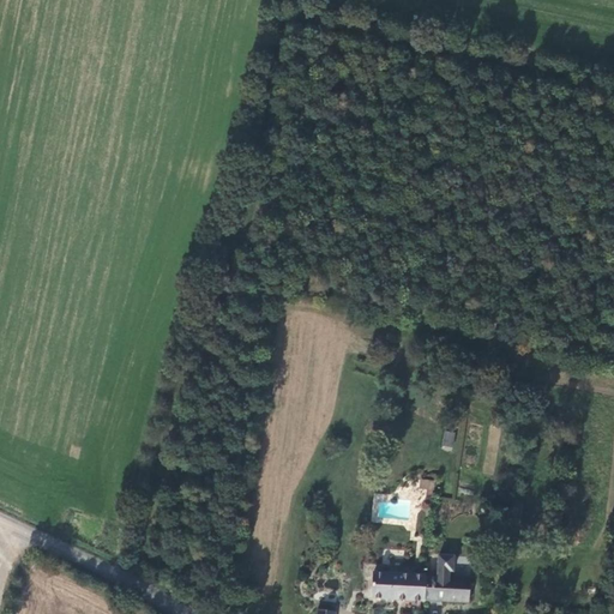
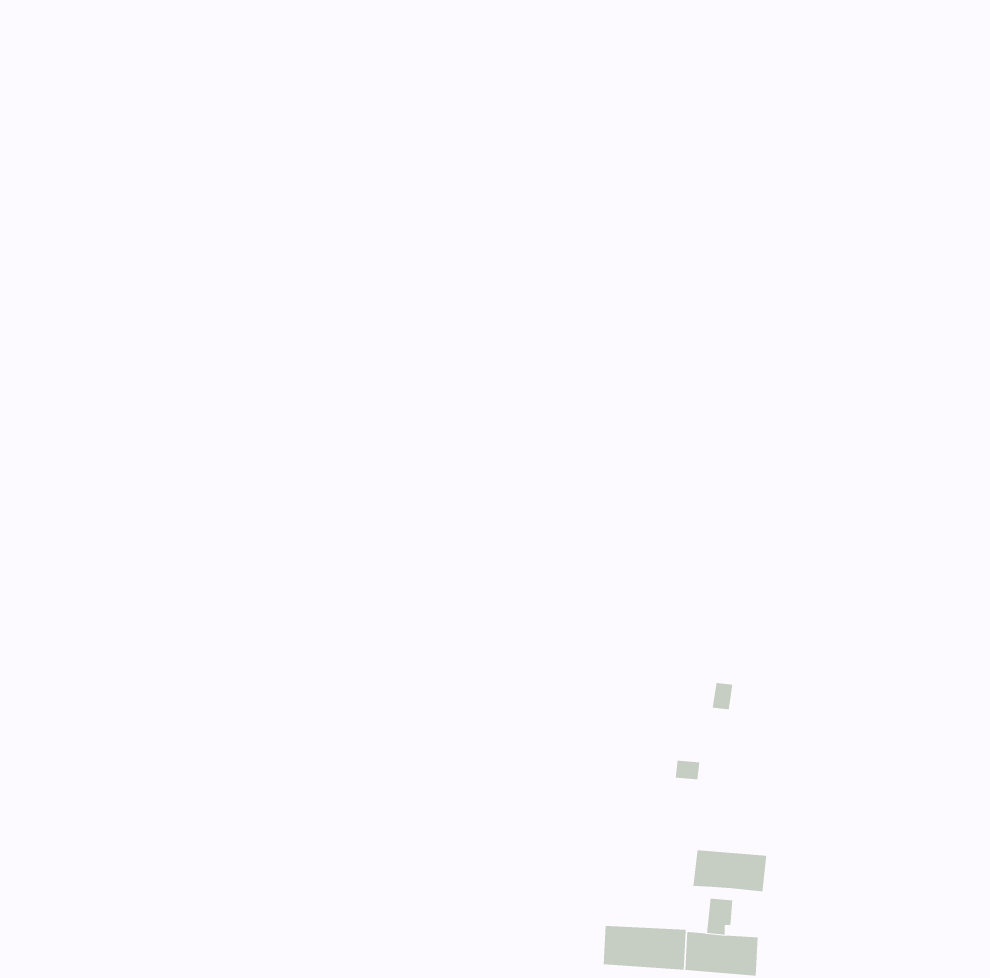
building: none -> [693,849,767,892]

